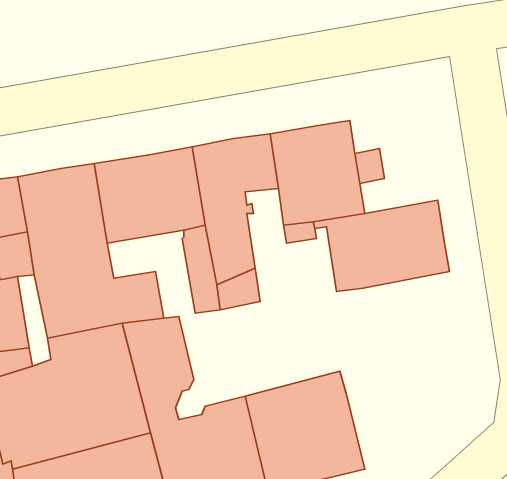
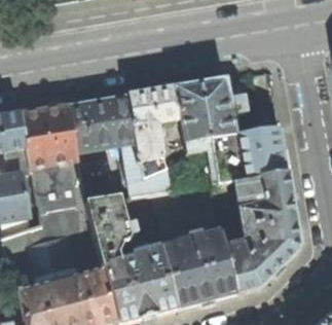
building: none -> [223,170,300,292]

